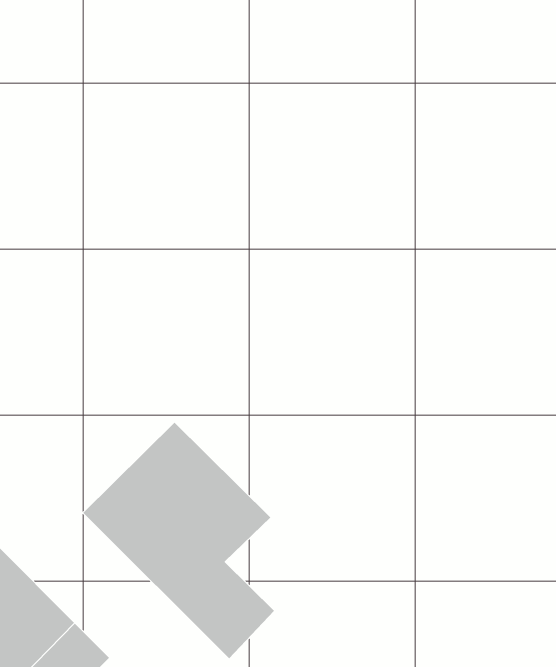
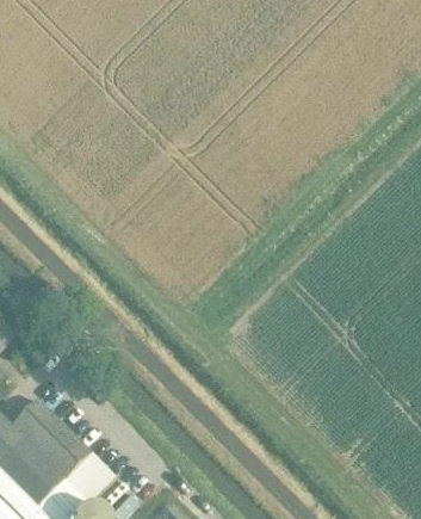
building: [83,422,275,659] -> none

